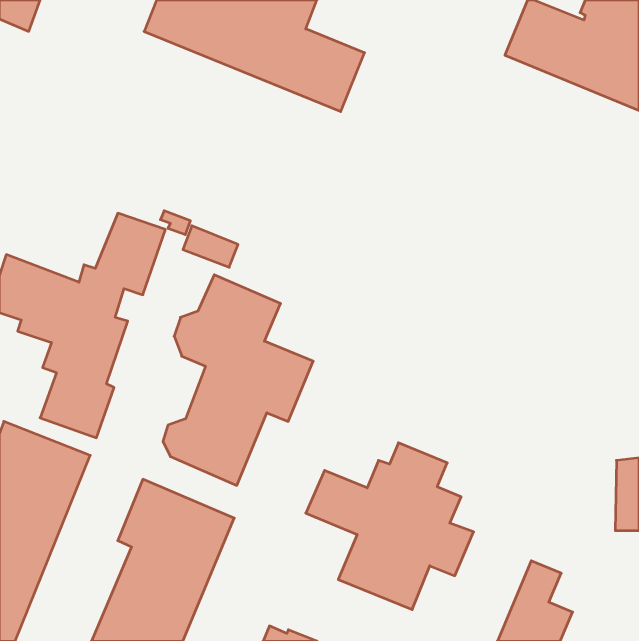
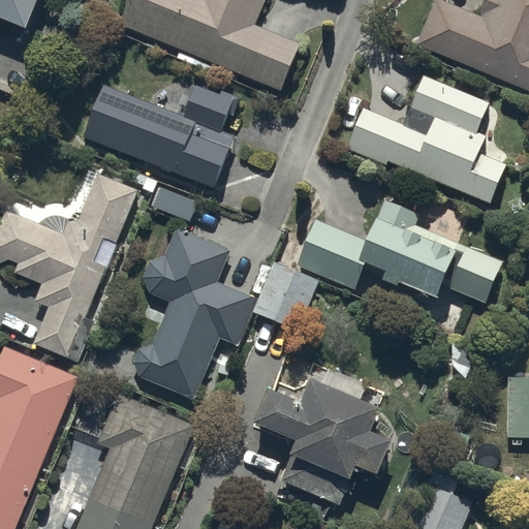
building: none -> [346,76,506,205]
building: none -> [83,86,240,189]
building: none -> [297,199,503,303]
building: none -> [254,260,319,330]

